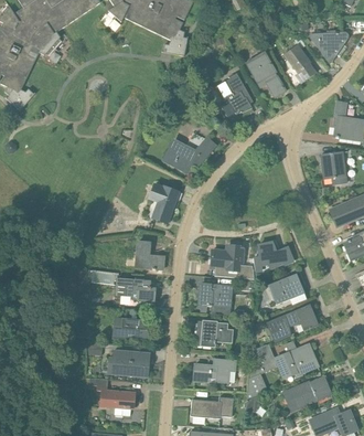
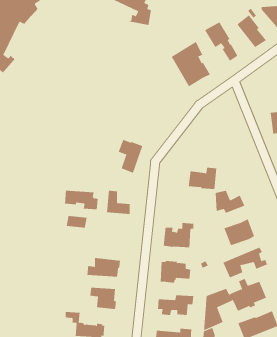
building: [164,139,214,171] -> none
building: [210,245,243,270] -> [188,167,217,190]
building: [116,278,154,300] -> [64,190,98,210]

